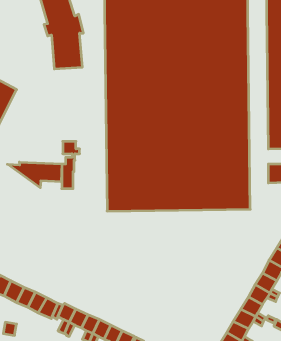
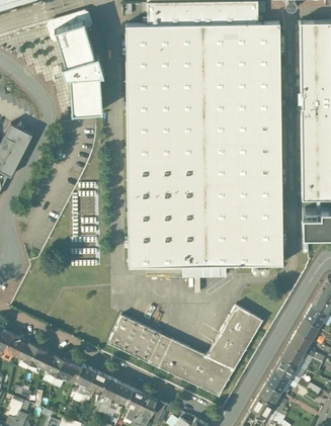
building: [7,162,62,188] -> none
building: none -> [108,305,262,395]

